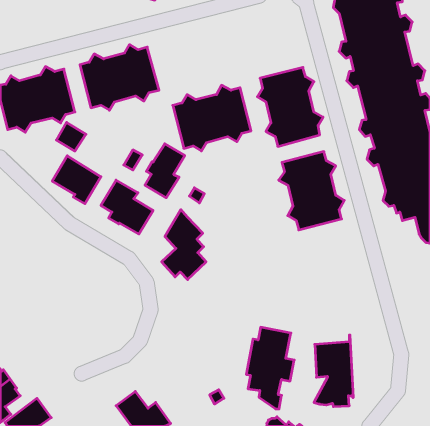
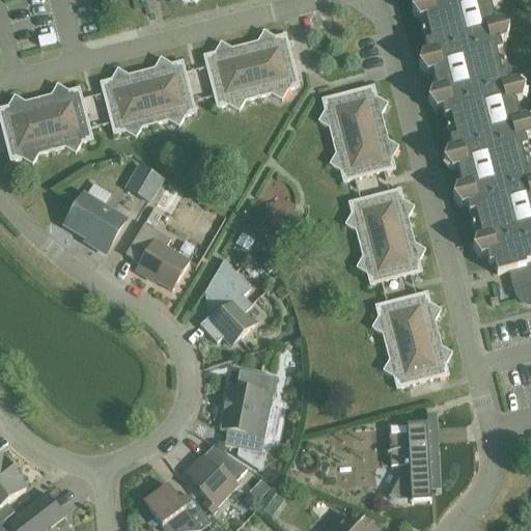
building: [173,85,251,151] -> [202,28,299,109]
building: [56,122,86,151] -> [125,164,162,199]
building: [145,144,185,198] -> none
building: none -> [370,289,451,387]
building: [246,327,294,409] -> [221,368,280,469]
building: none -> [185,444,248,512]

